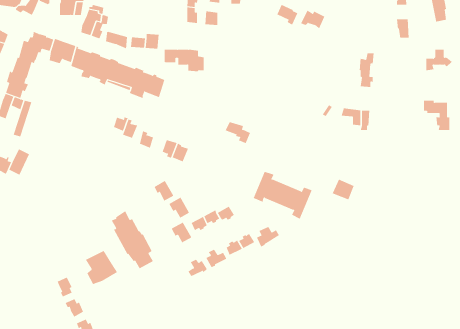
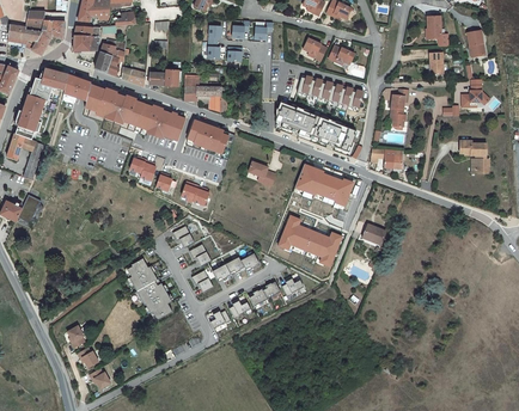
building: none -> [295,75,362,111]
building: none -> [275,102,358,153]
building: none -> [187,119,227,153]
building: none -> [294,162,353,205]
building: [85,250,118,285] -> none

